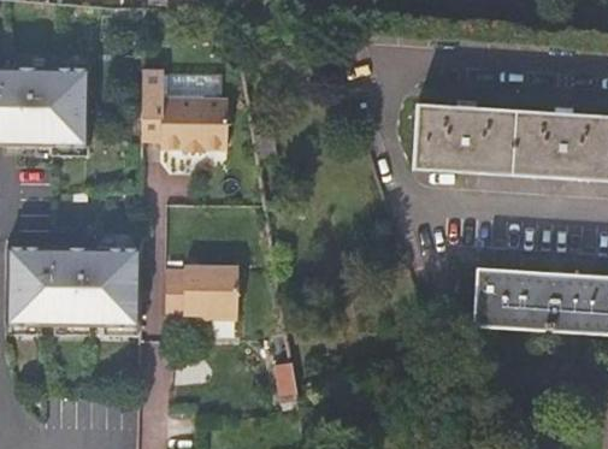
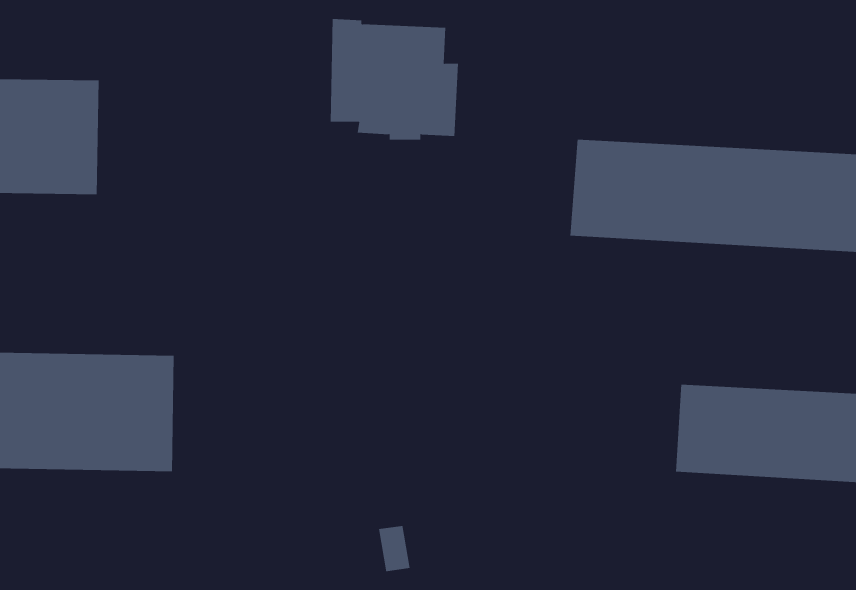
building: [141,71,228,153] -> [330,19,459,140]
building: [165,267,237,318] -> none

